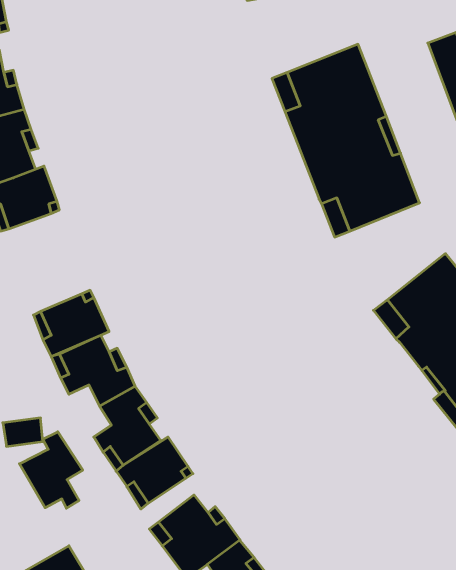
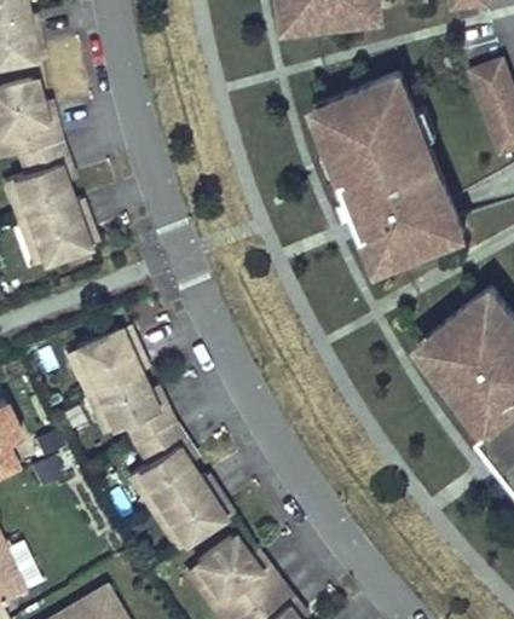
building: [19,432,83,508] -> none

